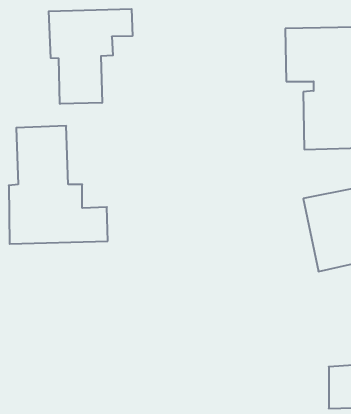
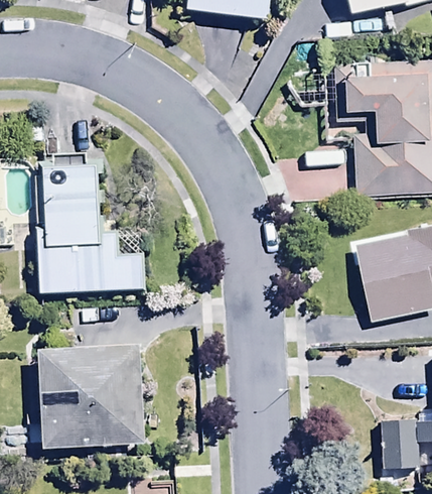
building: [49,9,132,104] -> none
building: none -> [40,346,148,449]

